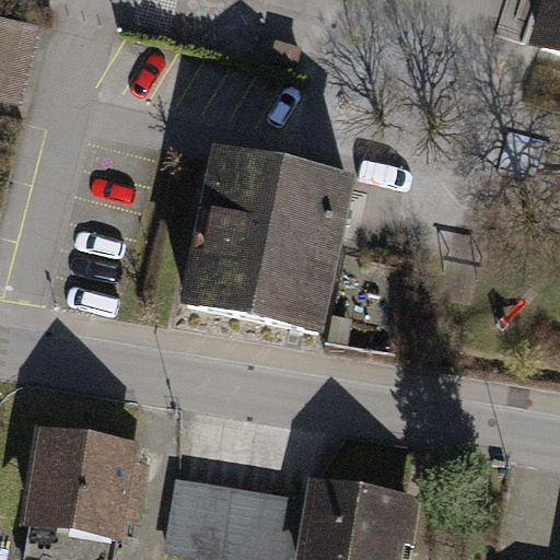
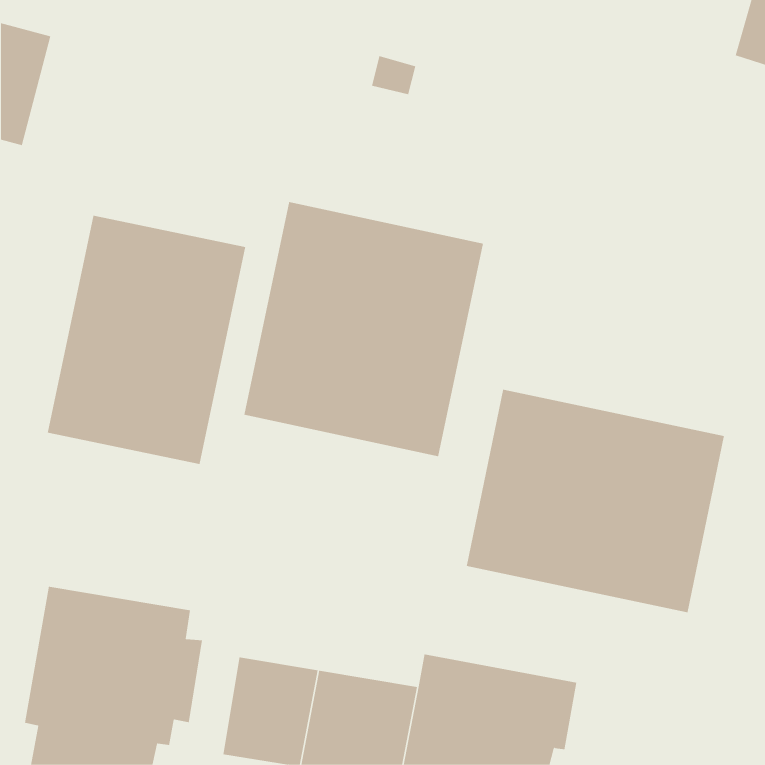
building: none -> [47,215,246,465]
building: none -> [466,389,725,613]

